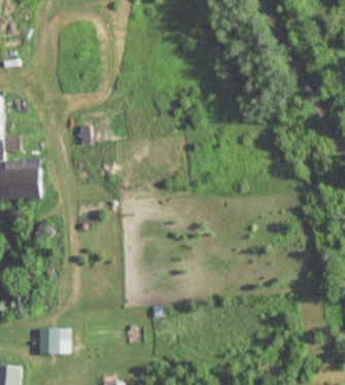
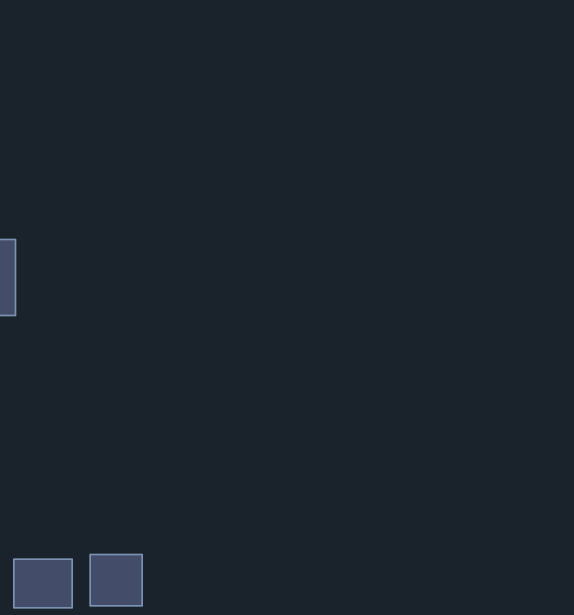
building: none -> [90,554,142,606]

